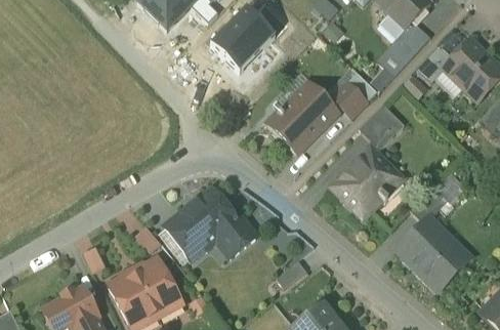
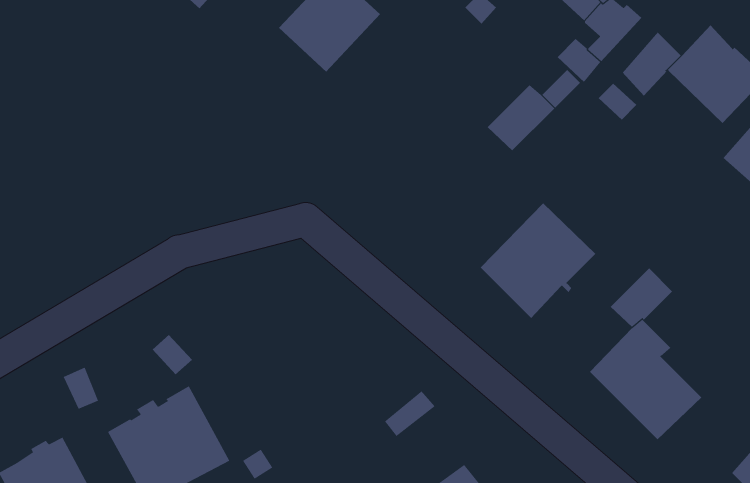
building: [267,82,337,152] -> none
building: [359,105,404,150] -> none
building: [164,189,255,259] -> none

